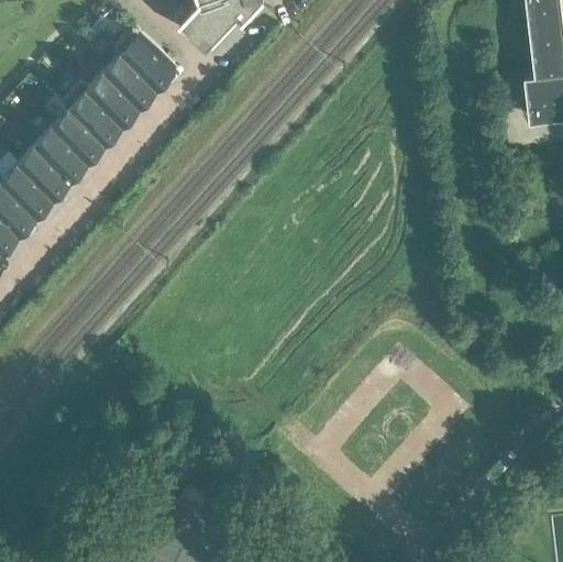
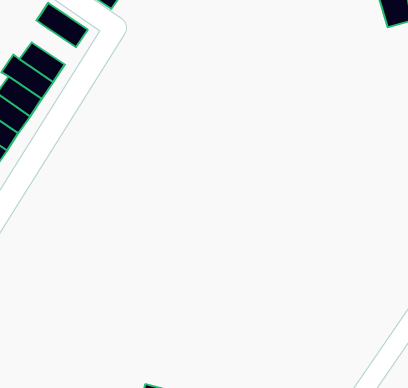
building: [106,56,157,108] -> none

